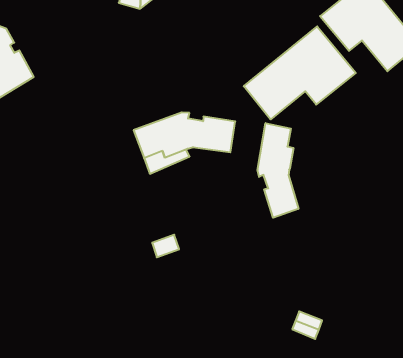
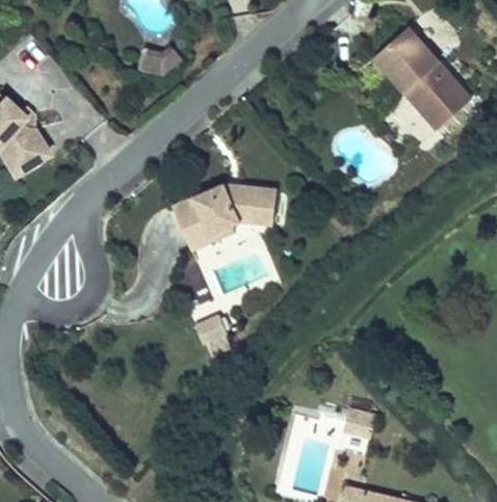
building: [244,26,356,119] -> none
building: [258,123,298,218] -> none

